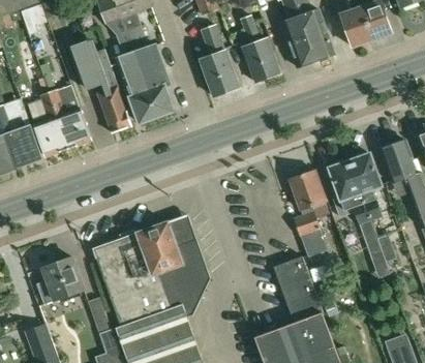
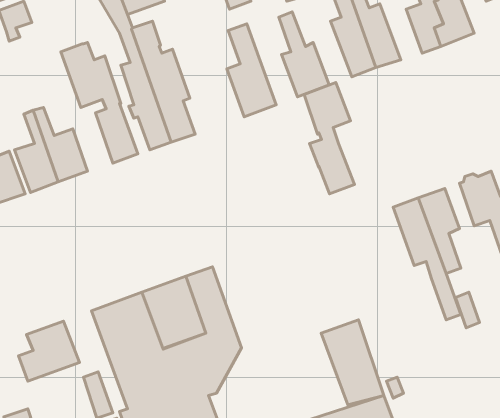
building: [287,170,327,256] -> [304,82,355,194]

